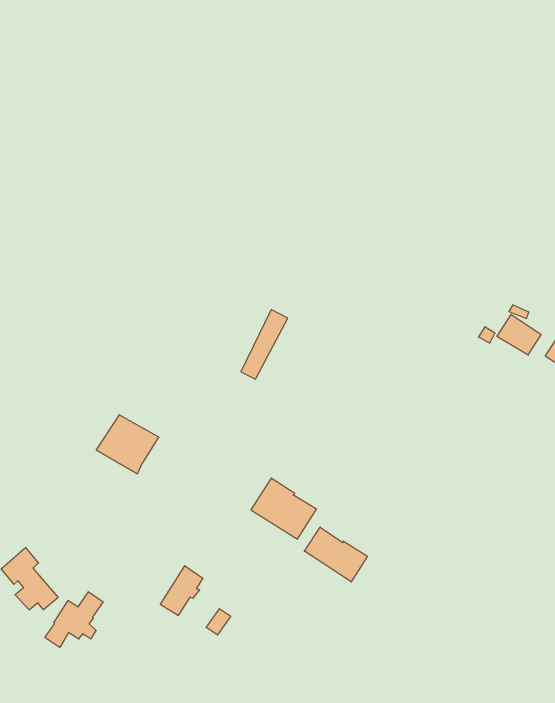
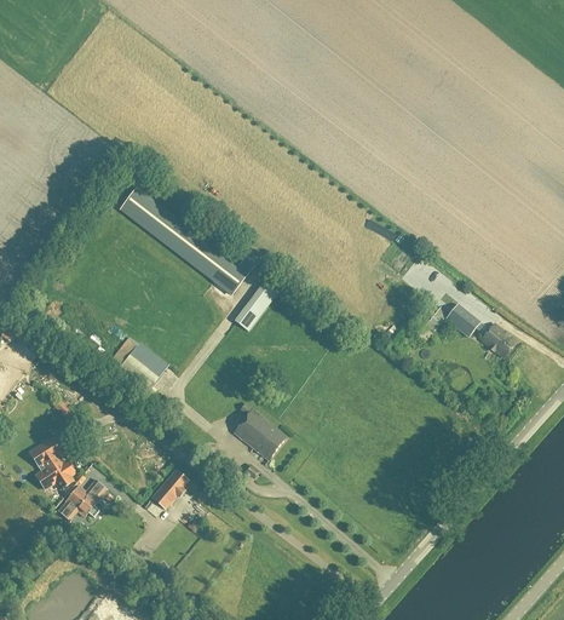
building: none -> [117,186,253,295]
building: [304,527,368,582] -> none

